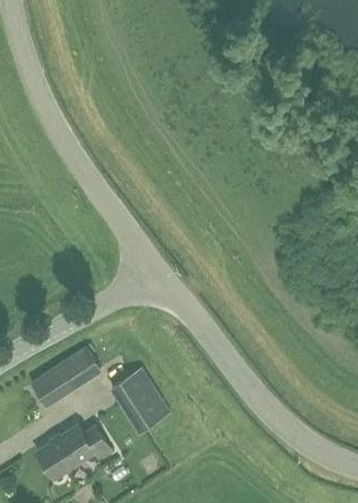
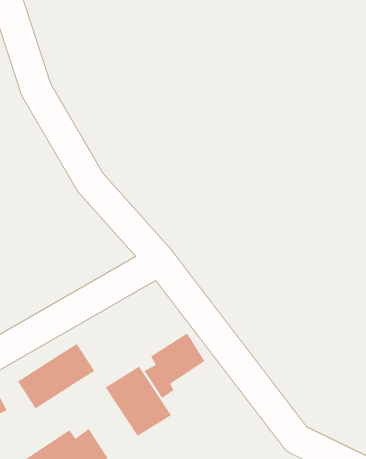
building: none -> [144,333,205,399]

